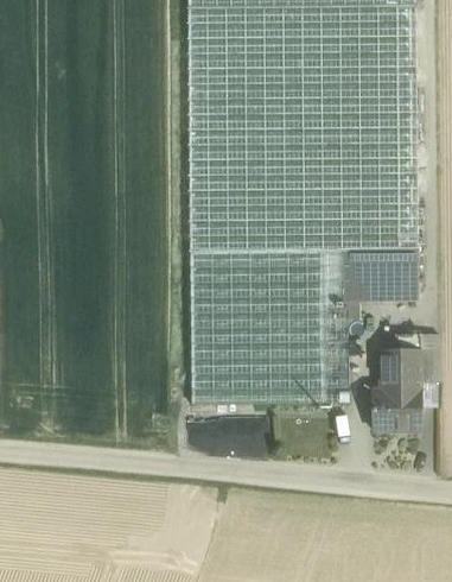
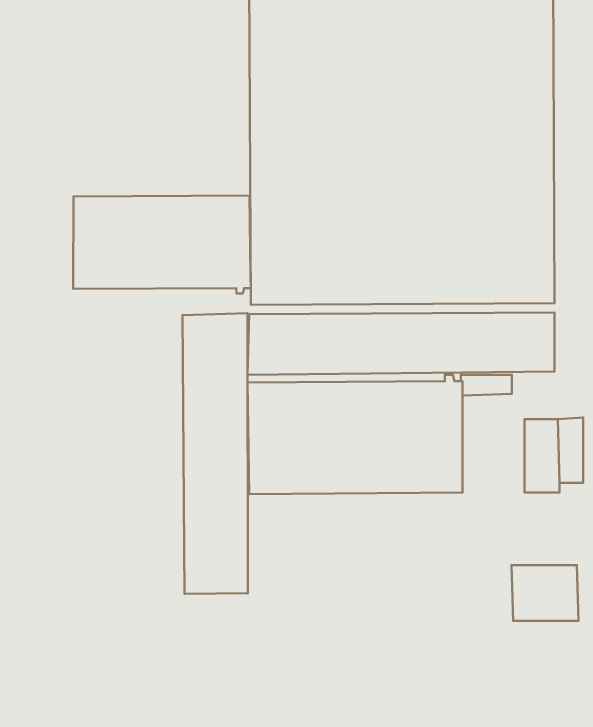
building: none -> [73,196,251,294]
building: none -> [183,313,248,594]
building: [373,392,422,434] -> [512,565,578,621]

